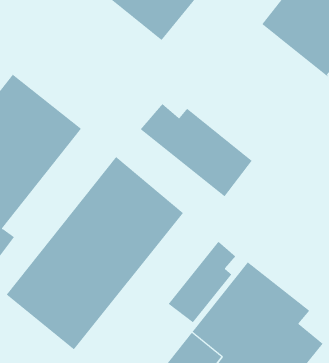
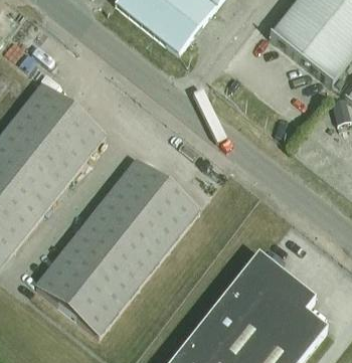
building: [140,103,253,197] -> none
building: [168,241,236,323] -> none

